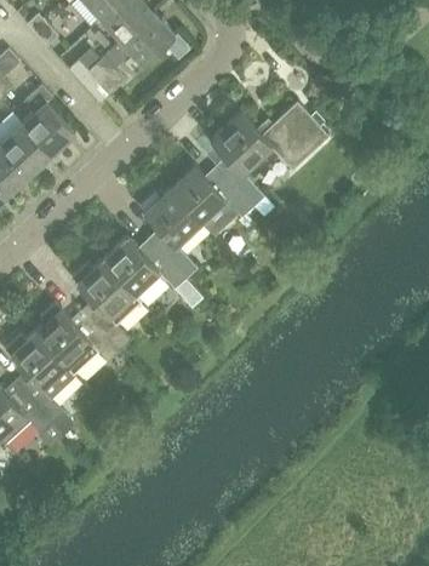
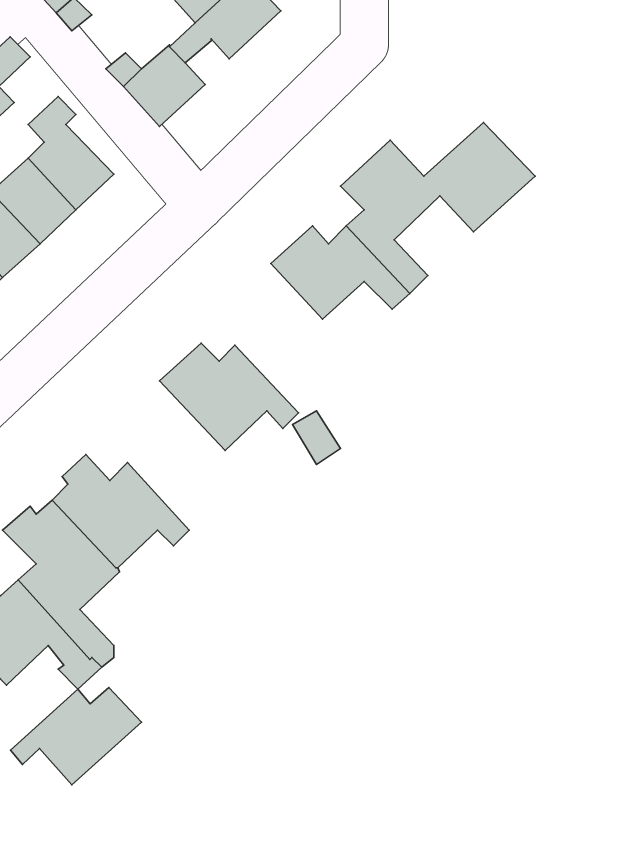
building: [138,189,199,280] -> none
building: [72,261,139,351] -> none
building: none -> [10,688,142,785]

